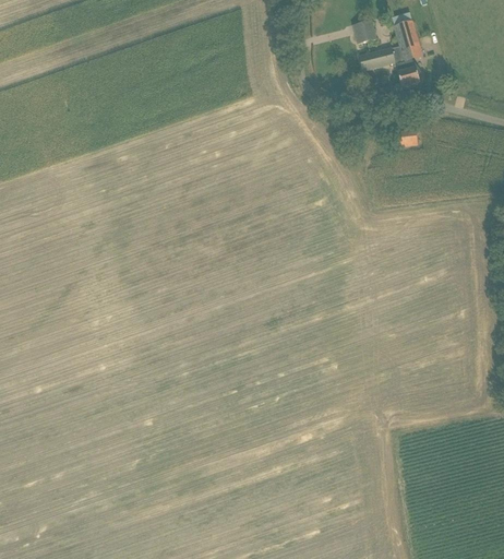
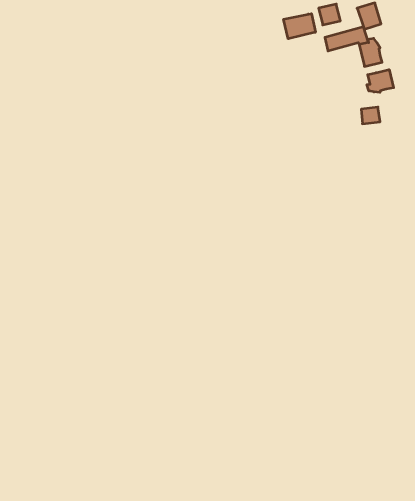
building: none -> [284,14,315,39]
building: none -> [367,70,394,92]

